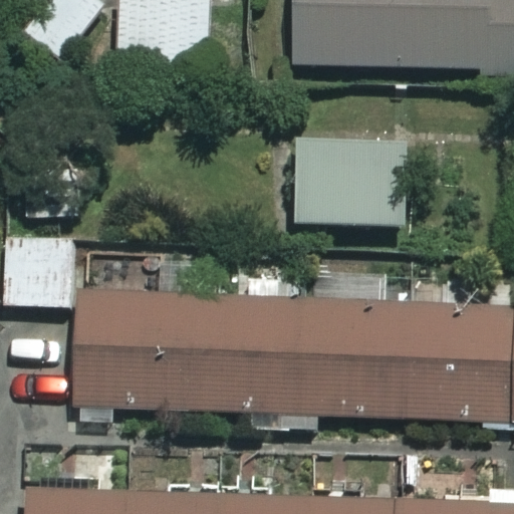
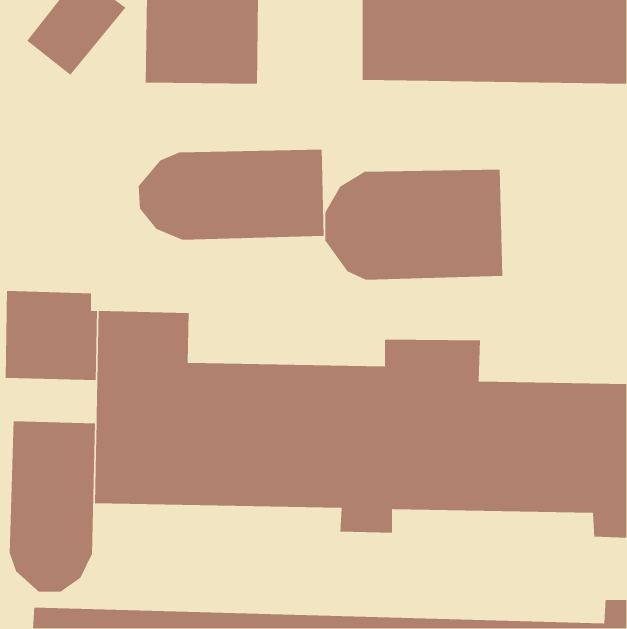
building: none -> [138,149,325,240]
building: none -> [9,420,96,593]

